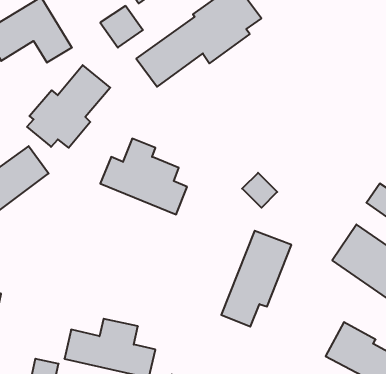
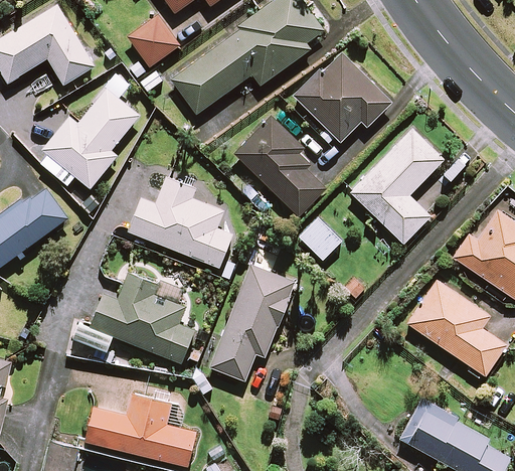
building: none -> [294,53,391,142]
building: none -> [235,116,325,215]
building: none -> [351,129,444,244]
building: none -> [73,272,196,362]
building: [221,231,291,327] -> [210,265,295,380]

